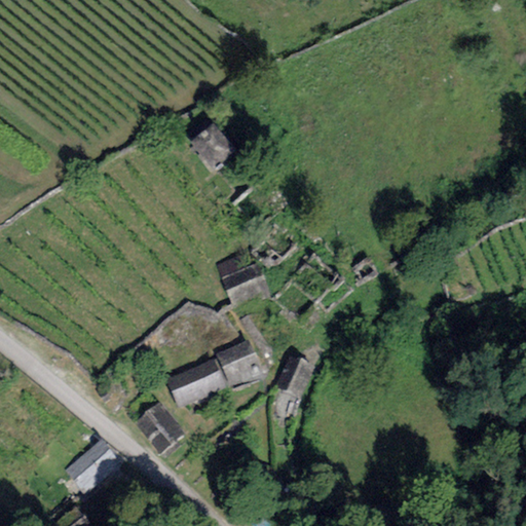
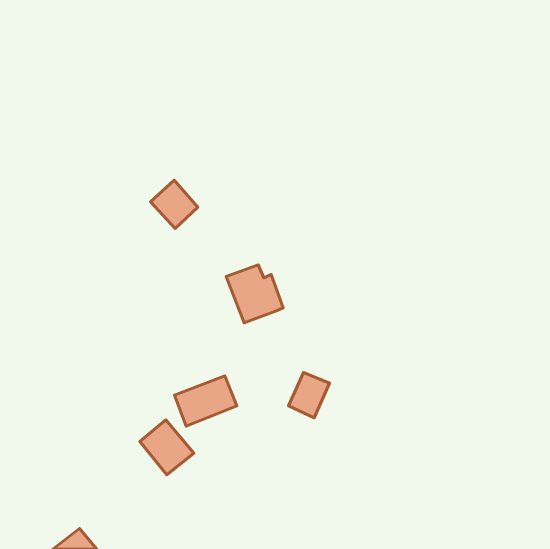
building: [189,122,234,168] -> [150,180,198,229]
building: [217,340,261,383] -> none
building: [64,438,122,493] -> none

